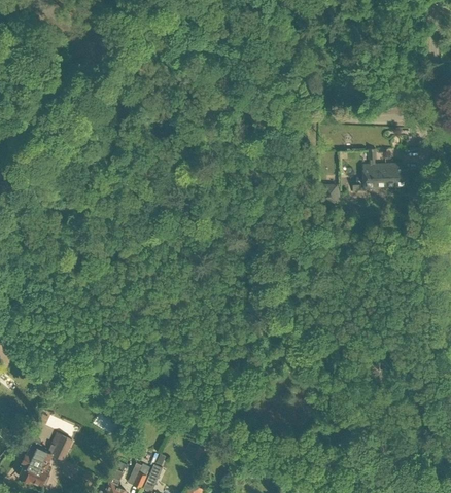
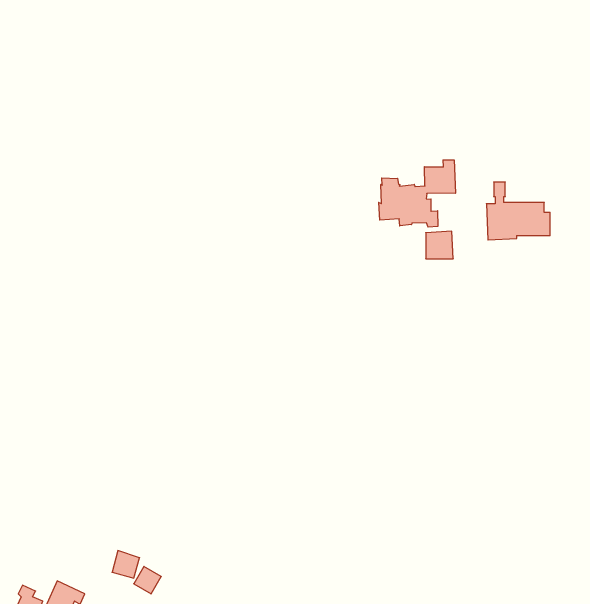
building: none -> [379,160,455,227]

